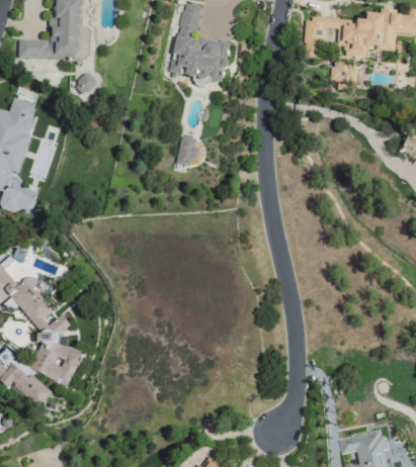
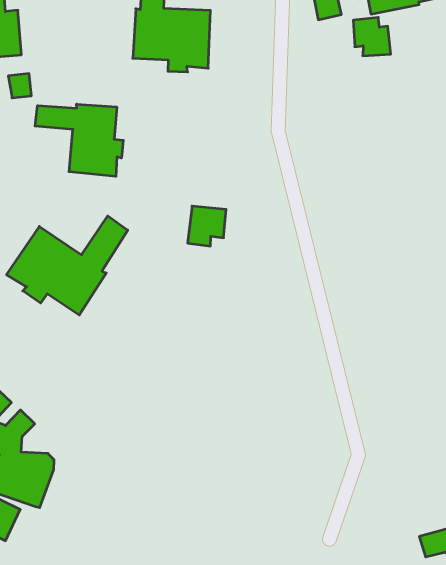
building: none -> [35,104,123,176]
building: [175,134,205,165] -> [188,206,226,246]
building: none -> [7,216,128,315]

